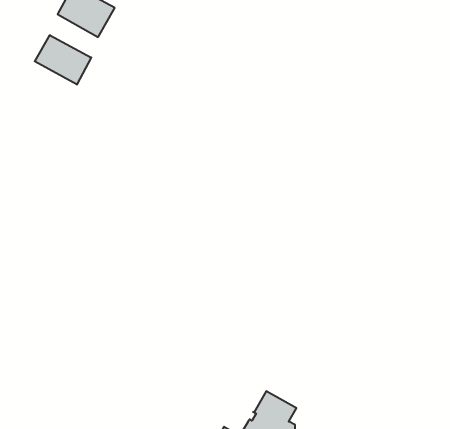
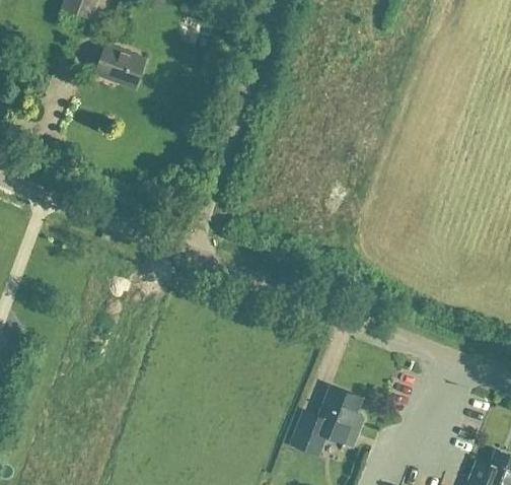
building: [35,35,91,85] -> none

